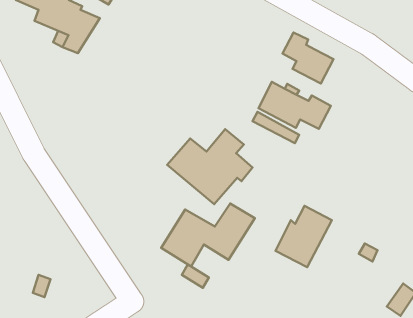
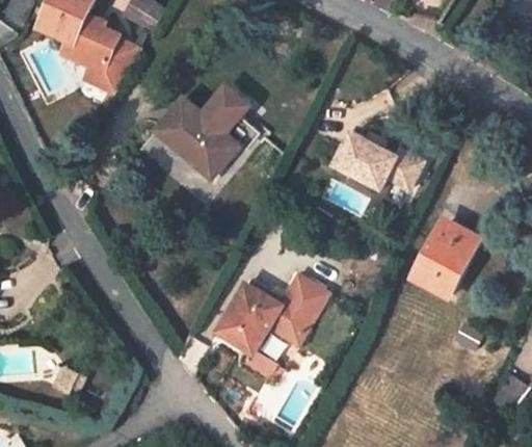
building: [283,32,334,83] -> none
building: [167,129,252,204] -> [152,87,256,179]
building: [276,206,332,267] -> [410,219,479,294]

